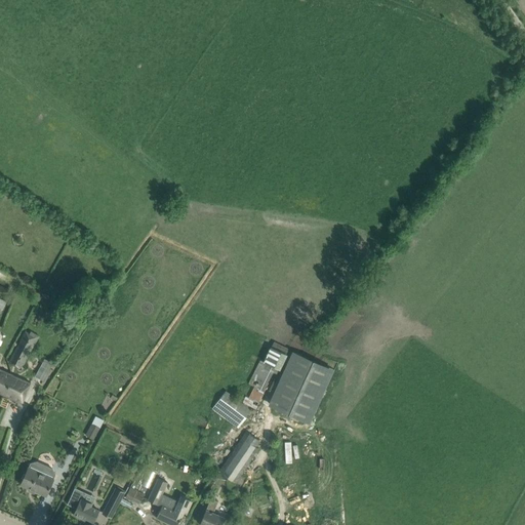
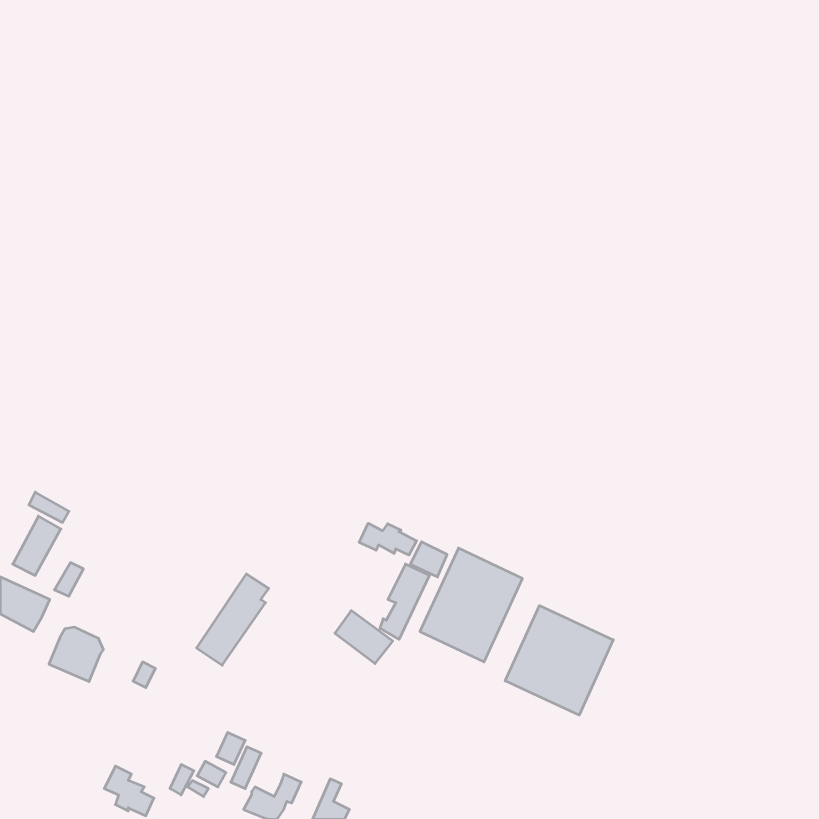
building: none -> [359,523,417,555]
building: none -> [505,606,613,715]
building: [214,431,260,489] -> [197,574,269,665]
building: [21,461,55,496] -> [49,627,103,682]

